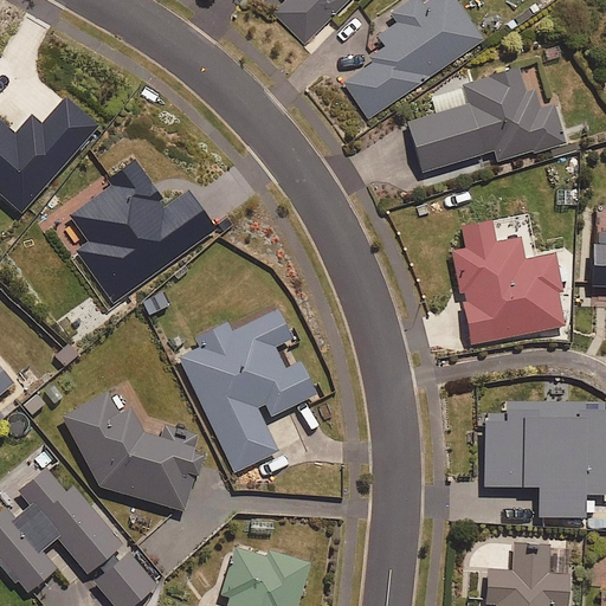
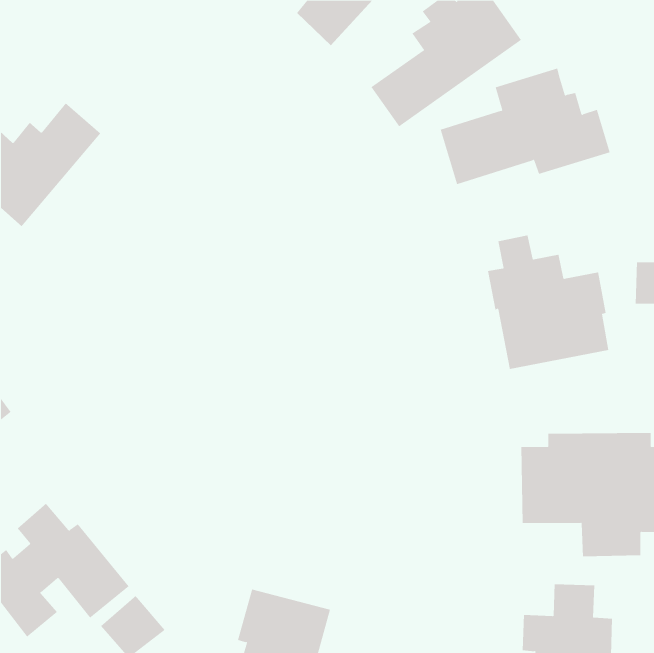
building: [70,159,213,304] -> none
building: [179,308,315,472] -> none
building: [64,392,201,511] -> none

